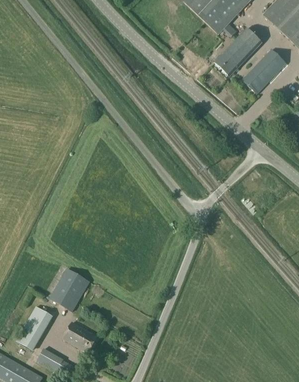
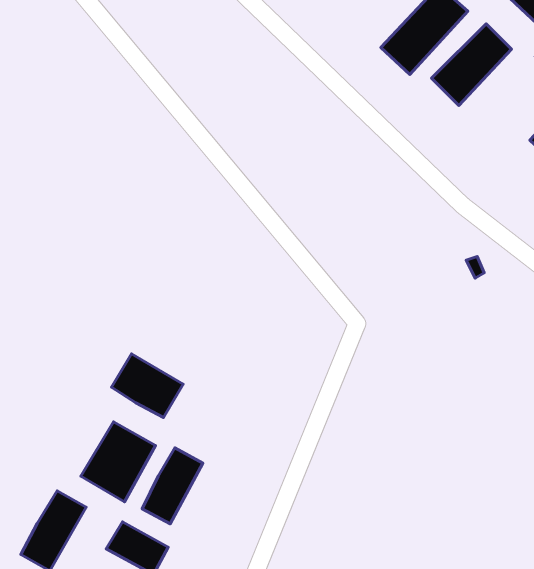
building: none -> [112,354,183,418]
building: none -> [142,448,203,524]

